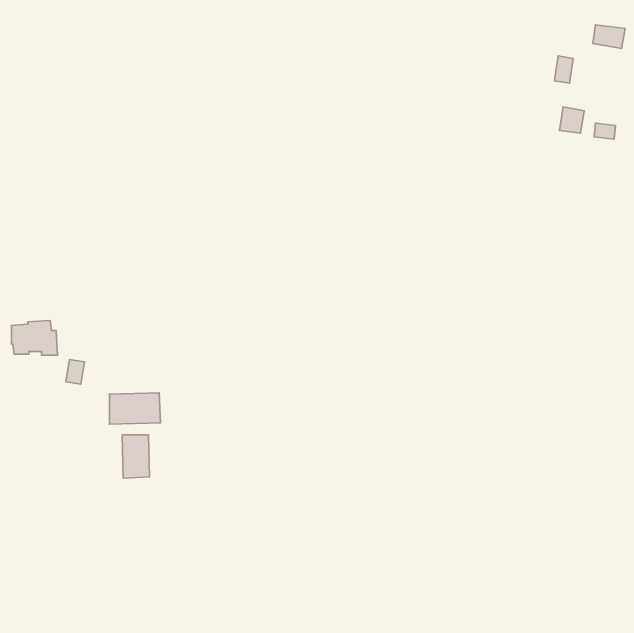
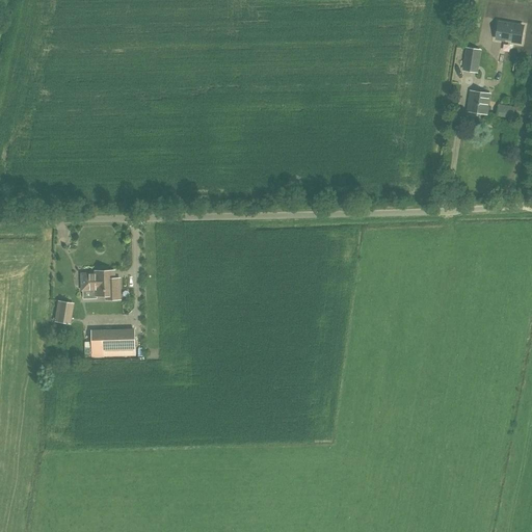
building: [12,320,58,355] -> [81,268,119,297]
building: [122,435,149,478] -> none

